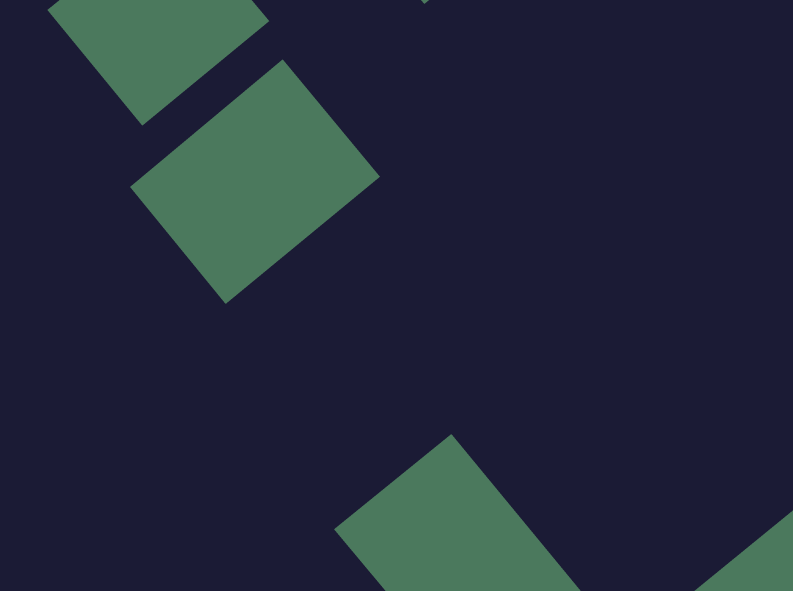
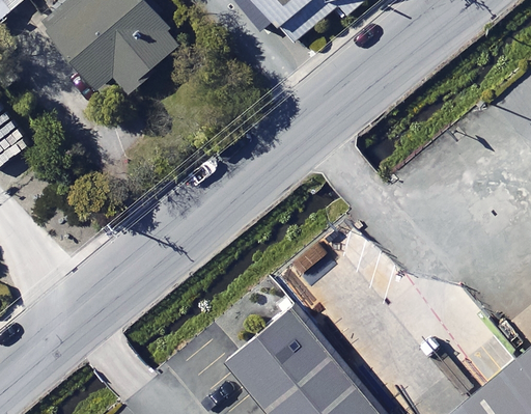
building: [129,58,381,305] -> none

